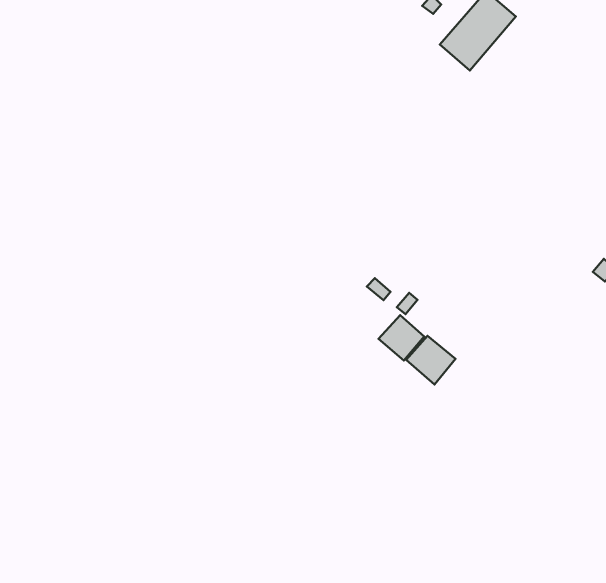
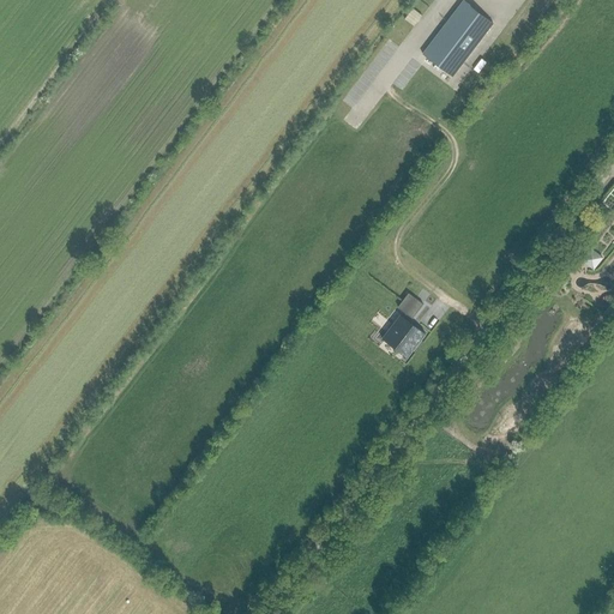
building: [406,336,456,384] -> none

